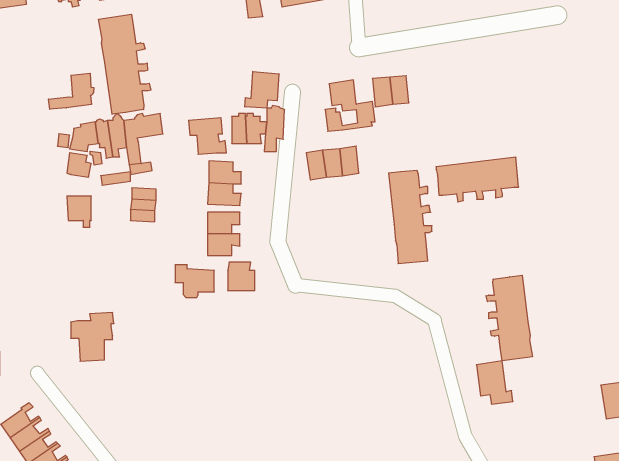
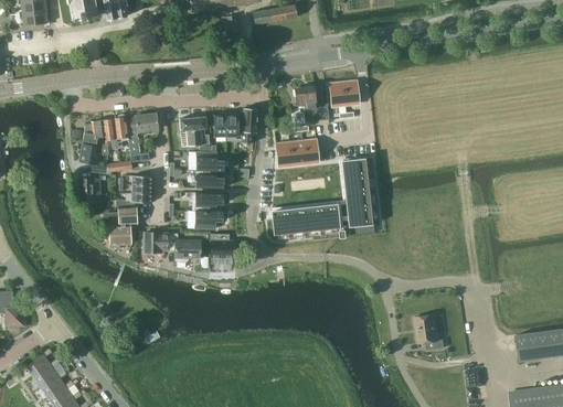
building: [99,14,151,114] -> none
building: [245,71,279,108] -> none
building: [49,73,94,109] -> none
building: [436,157,519,202] -> [272,204,339,240]
building: none -> [144,233,168,253]
building: [486,275,532,361] -> none
building: [71,313,114,361] -> [103,205,138,245]

